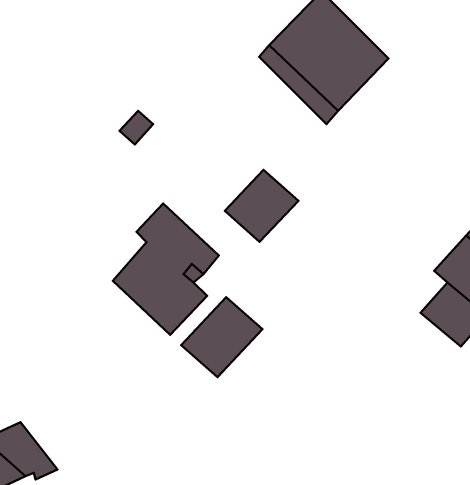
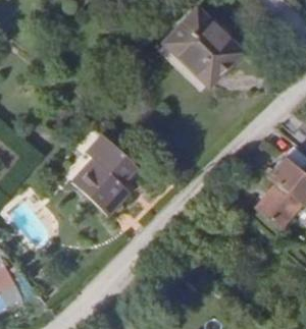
building: [225,170,298,242] -> none
building: [181,297,263,377] -> none

